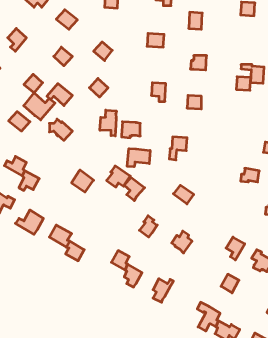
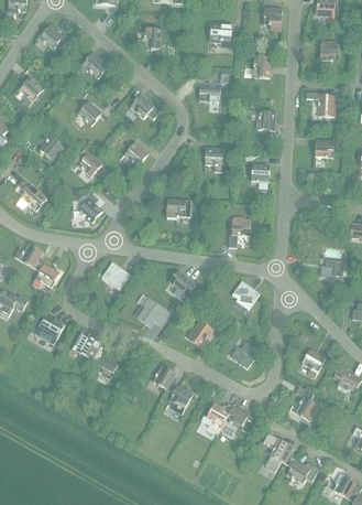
building: [241,65,264,83] -> [306,92,336,116]
building: [24,93,55,120] -> none
building: [100,110,116,136] -> none
building: [127,149,150,167] -> none
building: [107,166,130,187] -> [138,298,168,325]
building: none -> [219,405,249,437]

